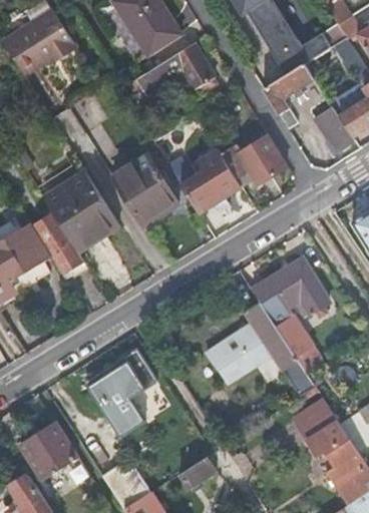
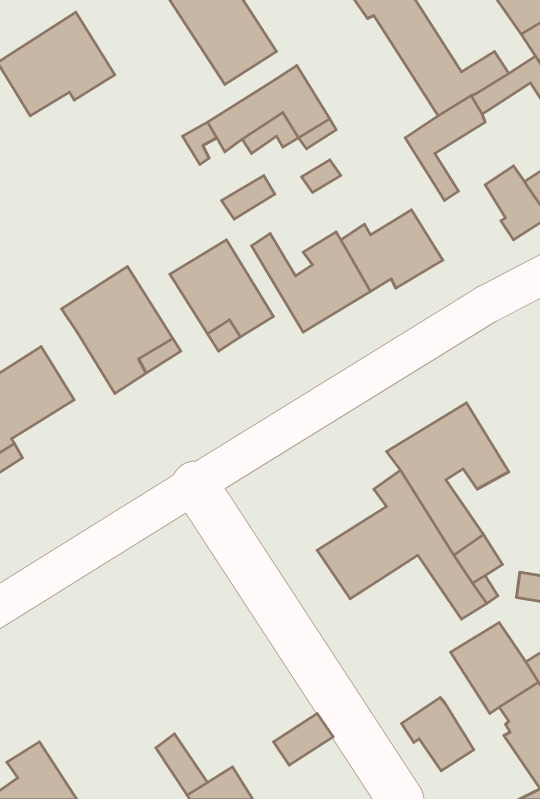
building: [33,212,87,276] -> none
building: [83,346,156,437] -> none
building: [20,422,78,478] -> none
building: none -> [402,698,474,771]

